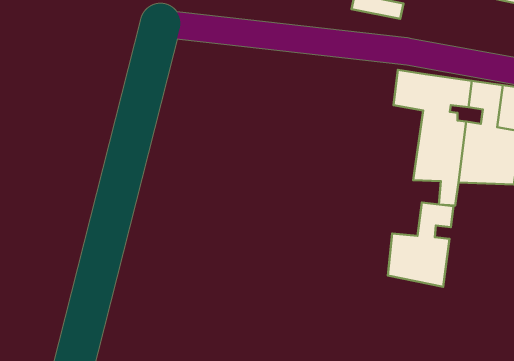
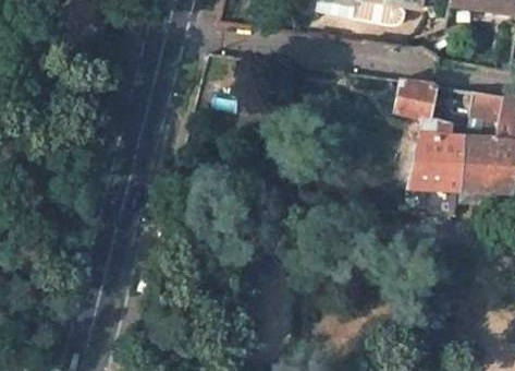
building: [388,202,454,287] -> none

